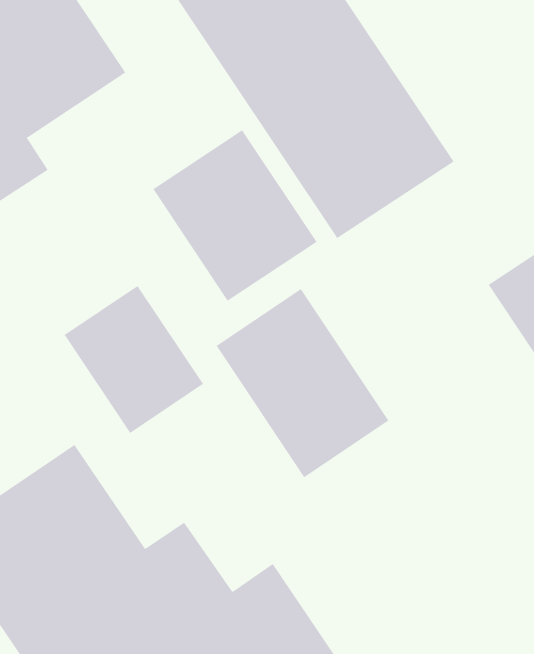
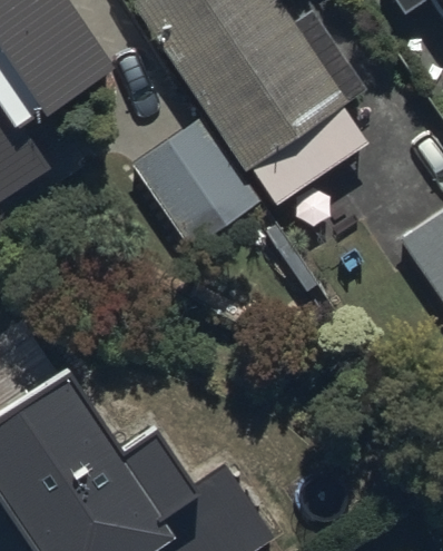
building: [64,285,204,434] -> none
building: [216,288,389,478] -> none

